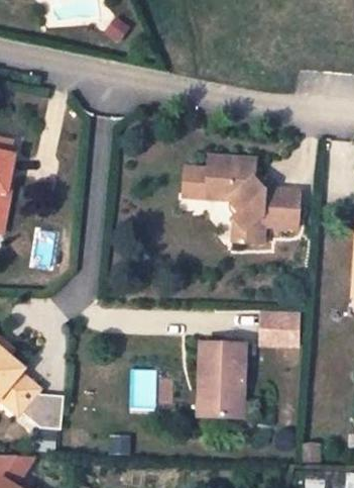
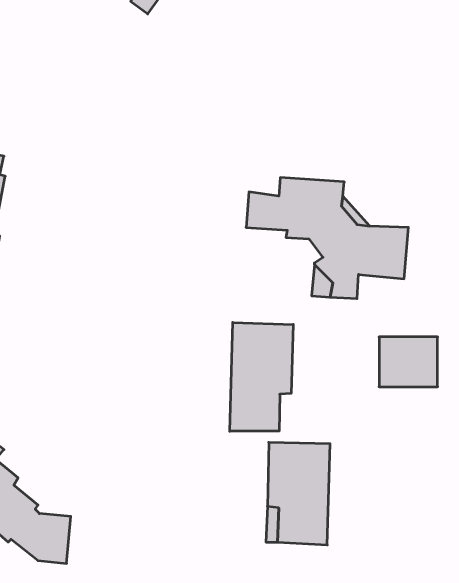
building: none -> [230,322,293,431]
building: [260,311,302,347] -> [379,337,438,387]

